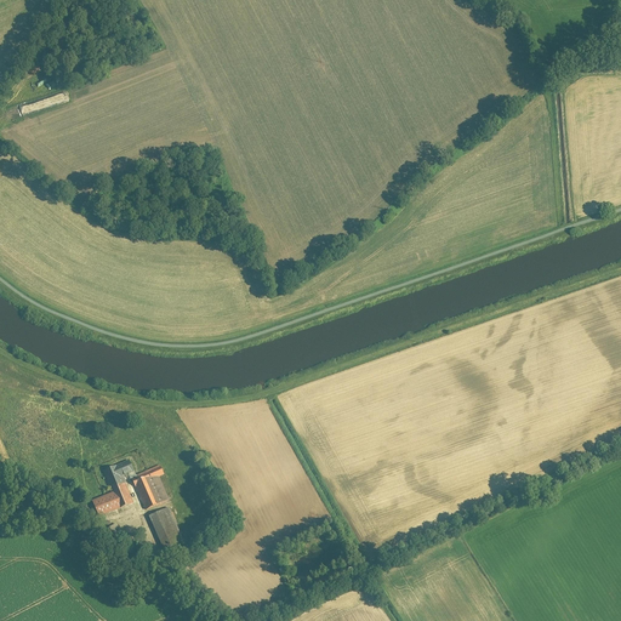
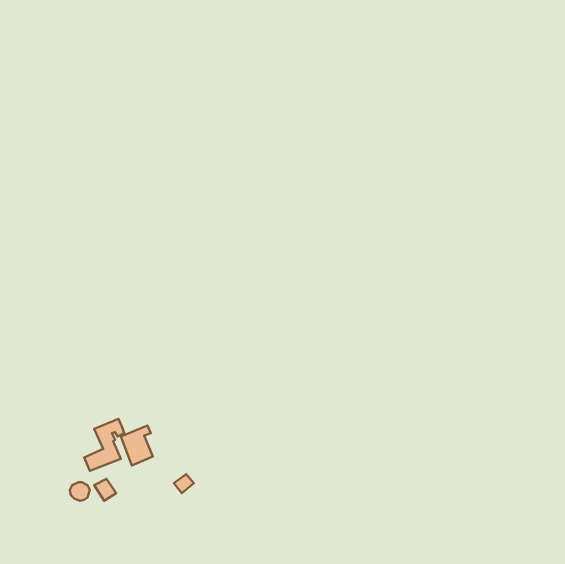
building: [149,507,183,548] -> none

